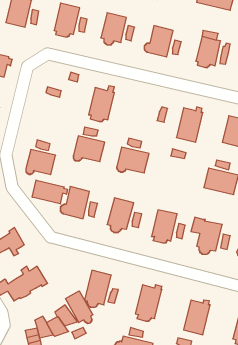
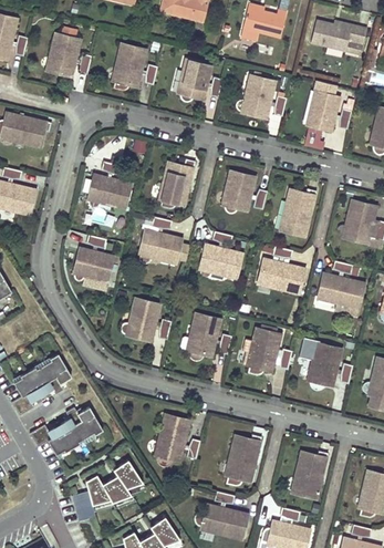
building: none -> [221,169,257,214]
building: none -> [87,172,131,207]
building: none -> [257,257,304,293]
building: [32,180,67,204] -> none
building: [66,291,93,324] -> none

